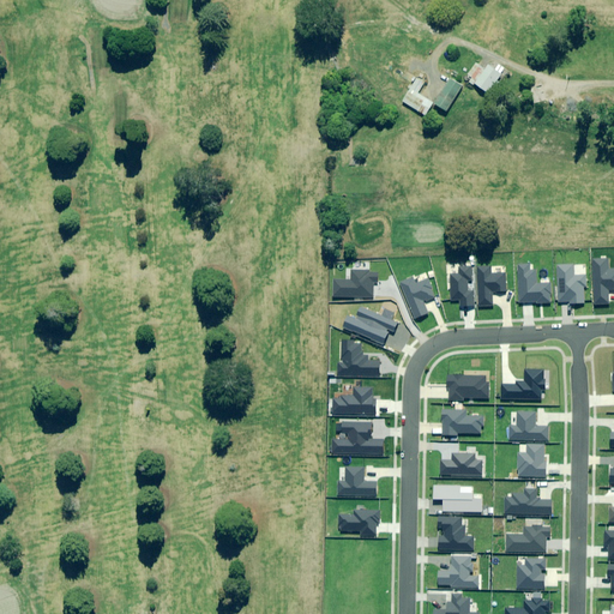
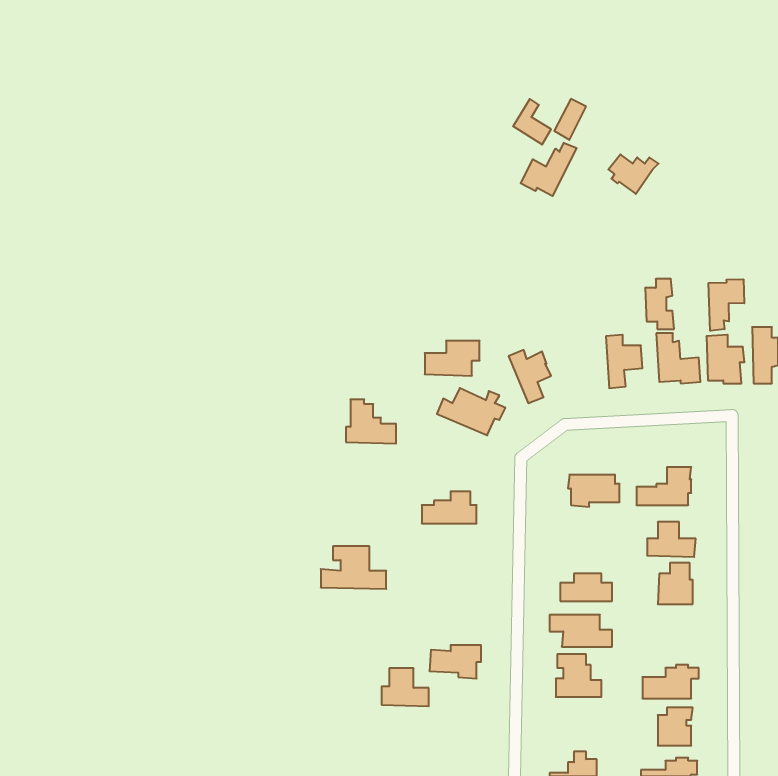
building: [468,61,507,92] -> [608,154,659,194]
building: none -> [521,143,577,196]
building: none -> [709,279,744,331]
building: [451,265,474,305] -> [645,279,674,329]
building: [339,339,379,374] -> [346,399,396,444]
building: [443,409,483,433] -> none
building: [332,420,384,453] -> [321,546,386,589]
building: [339,465,377,495] -> [382,668,429,706]
building: [505,488,552,513] -> none
building: [439,555,478,586] -> none

